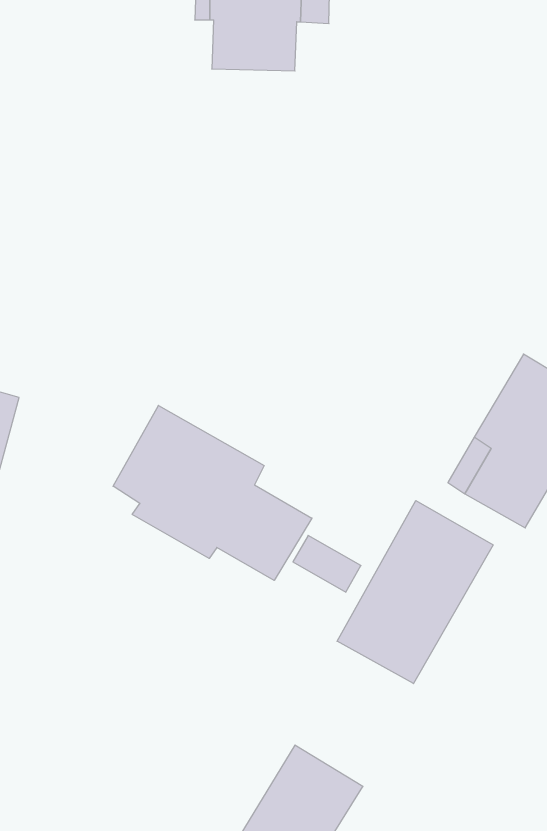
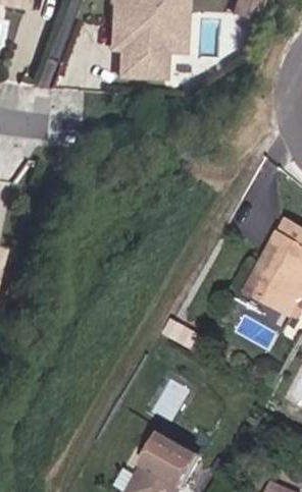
building: [113,405,312,580] -> none
building: [337,501,493,684] -> none

